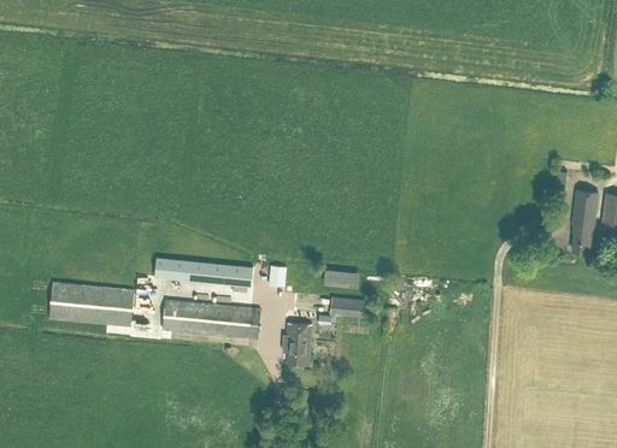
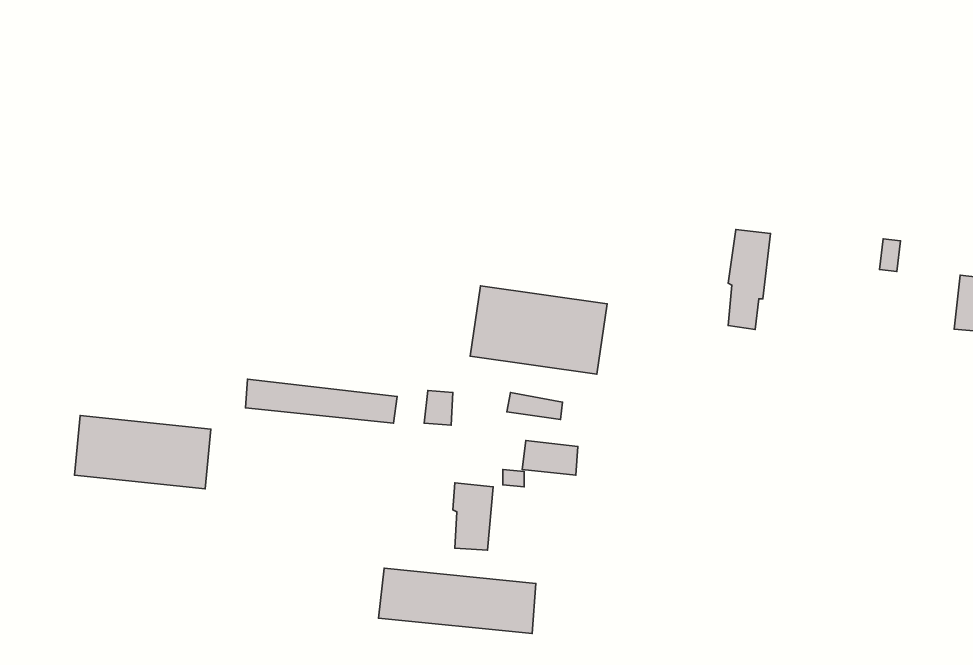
building: [572,190,599,253] -> [728,229,770,329]
building: none -> [470,286,607,374]
building: [161,299,260,340] -> [378,568,536,633]

